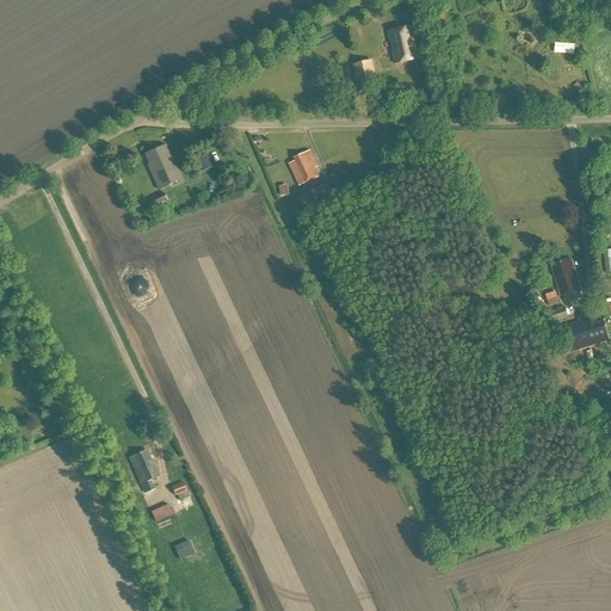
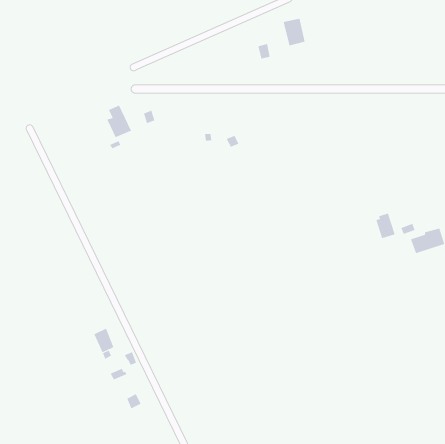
building: [288,149,317,185] -> none
building: [551,258,579,294] -> [376,213,396,239]

